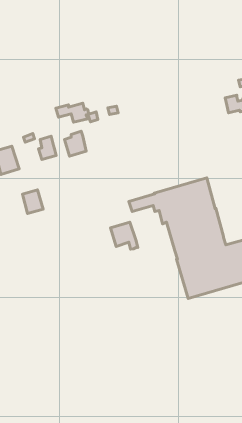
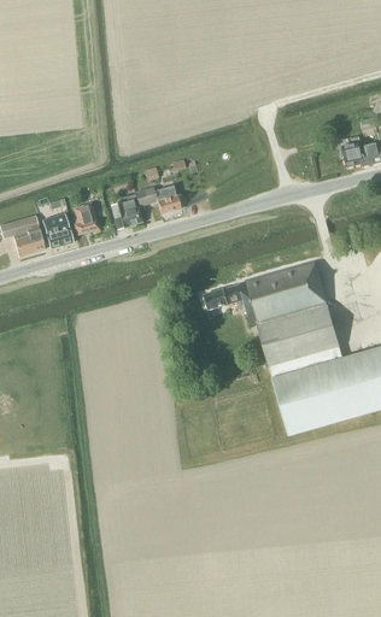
building: [56,103,89,122] -> [135,184,182,212]
building: [22,190,43,213] -> [42,213,72,247]
building: [111,222,138,249] -> none

